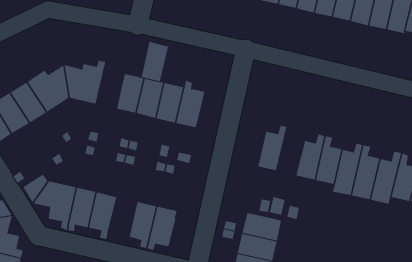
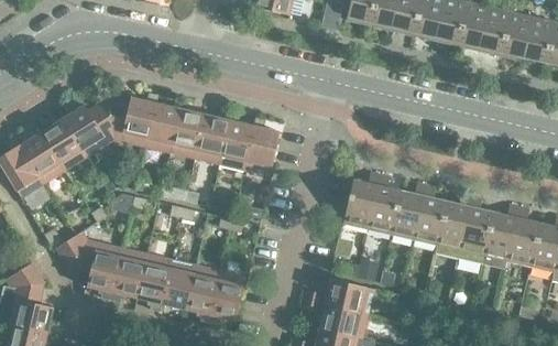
building: [141,41,169,82] -> [147,102,182,152]
building: none -> [368,174,402,234]
building: none -> [162,260,197,309]

